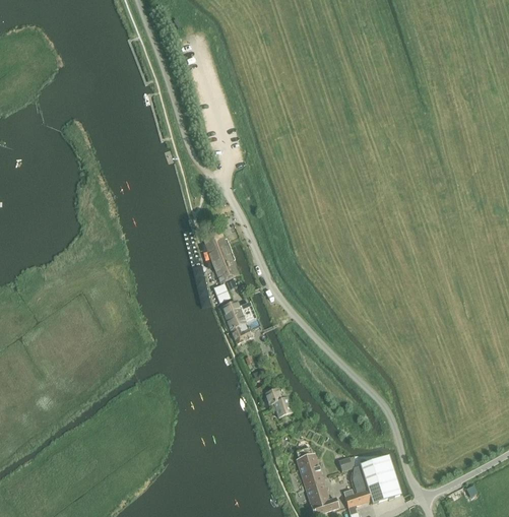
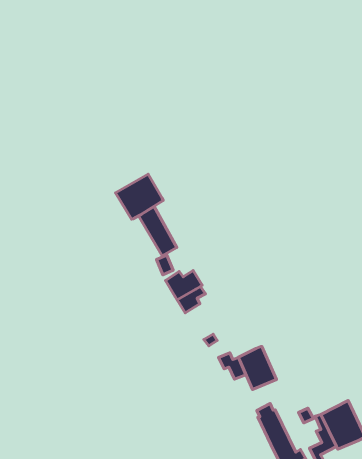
building: none -> [116,174,163,219]
building: none -> [238,346,277,390]

